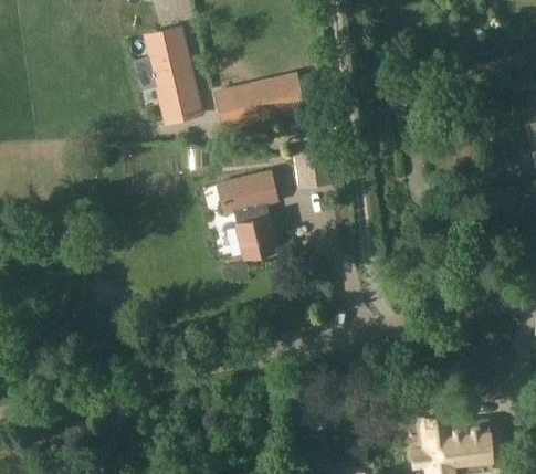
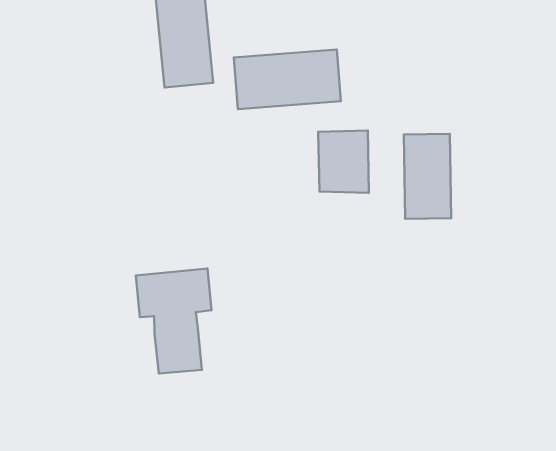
building: none -> [404,134,451,219]
building: [216,170,278,257] -> [136,269,212,374]

